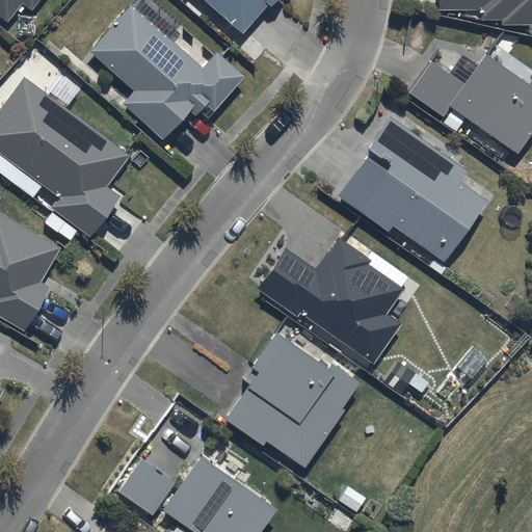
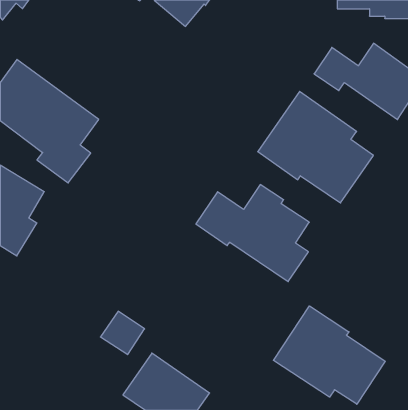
building: [89,5,245,139] -> none
building: [223,334,360,470] -> none
building: none -> [273,306,385,404]
building: [118,460,176,516] -> [100,311,145,355]

